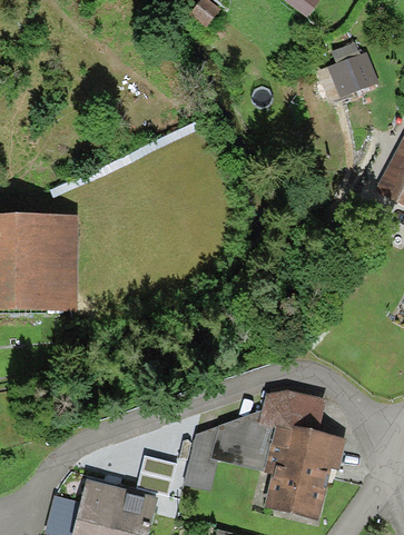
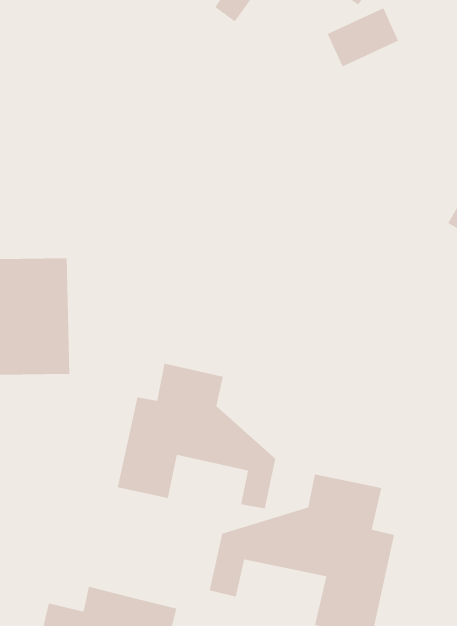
building: [319,51,377,99] -> [327,8,399,67]
building: none -> [117,363,276,509]

